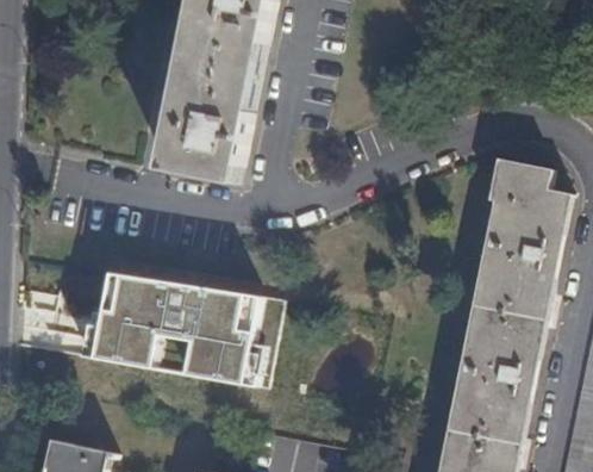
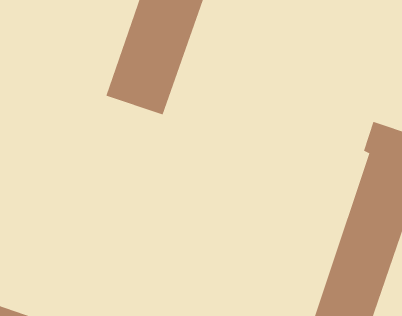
building: [90,272,279,387] -> none

